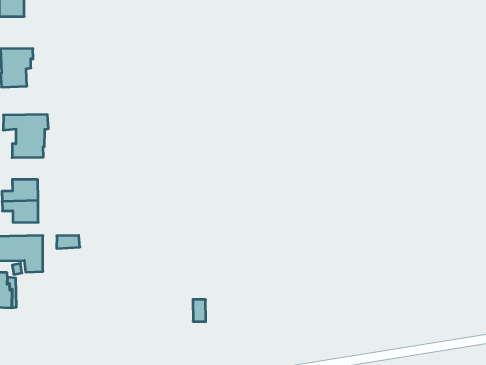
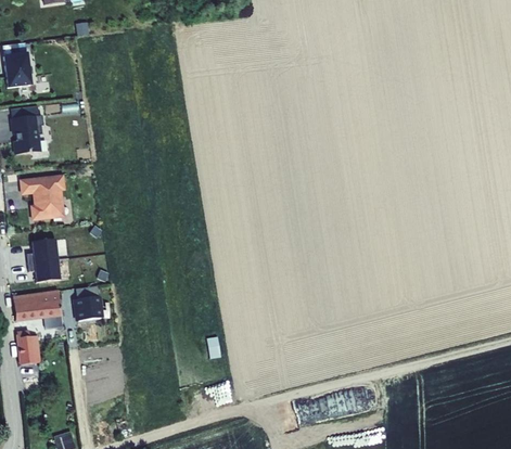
building: none -> [75,298,102,323]

